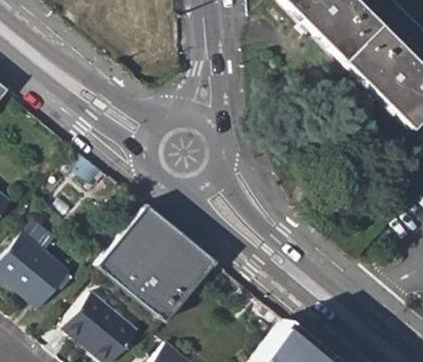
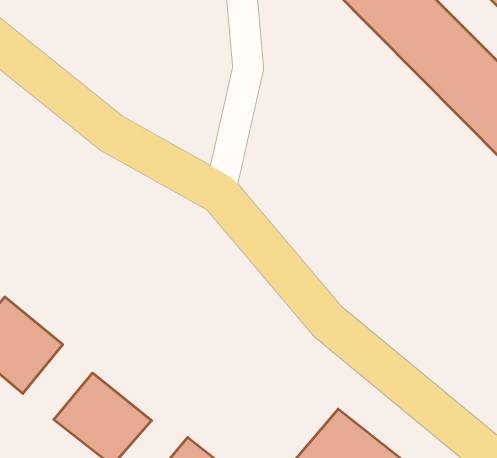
building: [99,205,217,322] -> none

